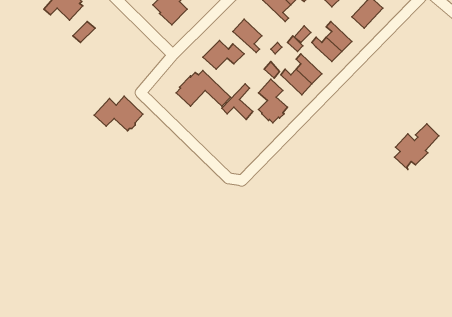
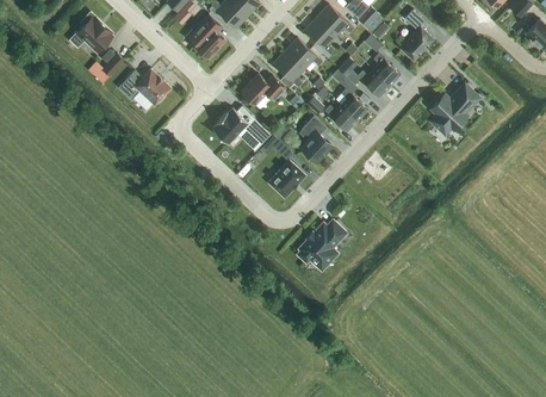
building: none -> [285,38,322,68]
building: [94,96,143,131] -> [118,67,170,104]
building: none -> [269,161,304,196]
building: [394,124,439,169] -> [430,83,478,132]
building: none -> [299,219,346,268]

